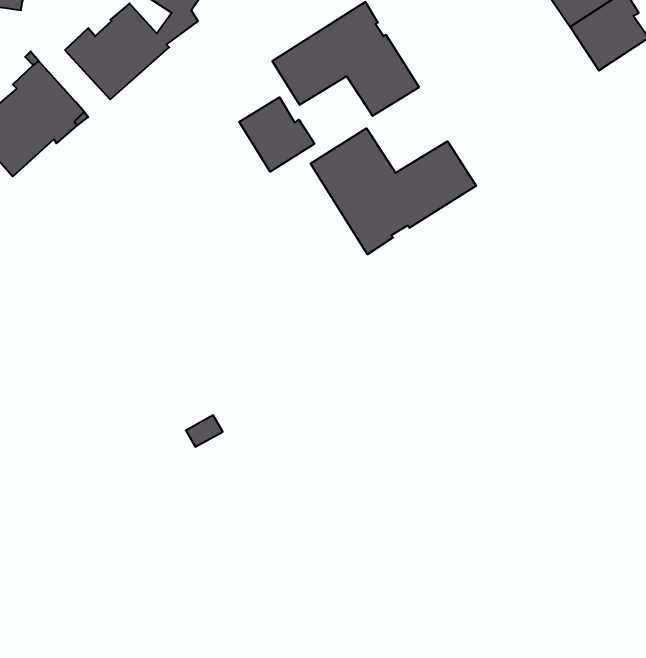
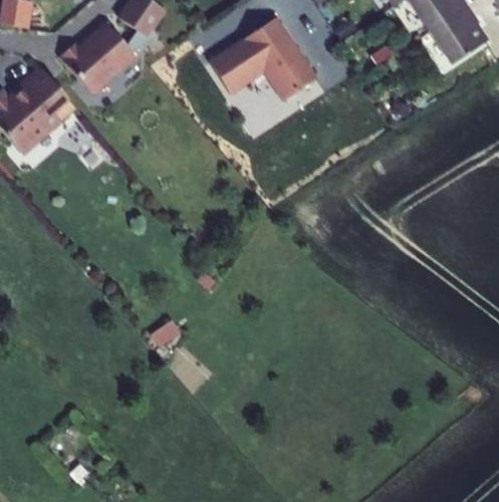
building: [239,97,314,172] -> none
building: [311,128,476,254] -> none

